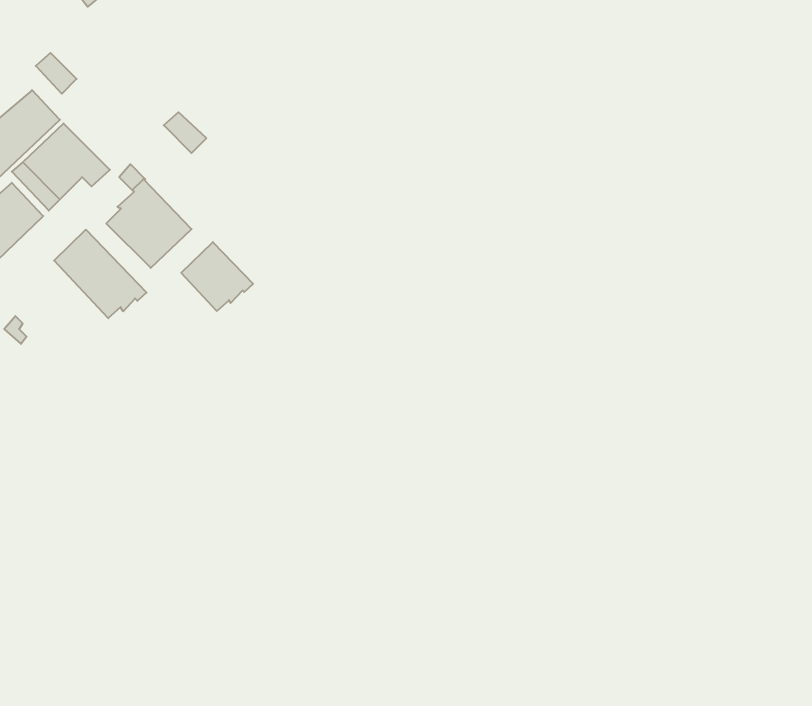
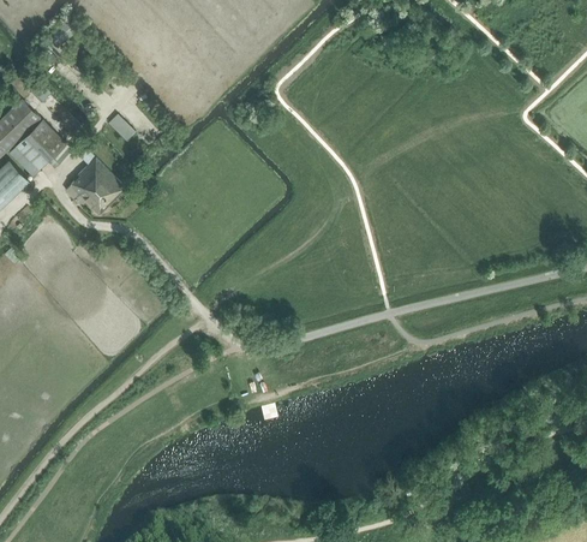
building: [54,230,147,318] -> none
building: [181,242,253,311] -> none

